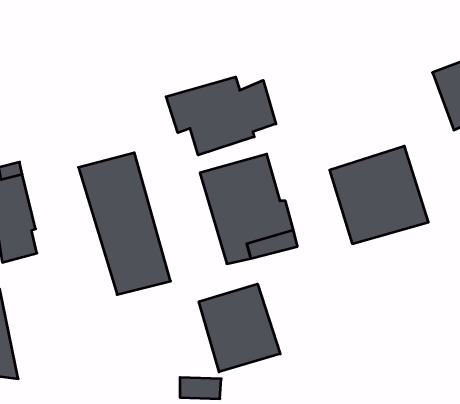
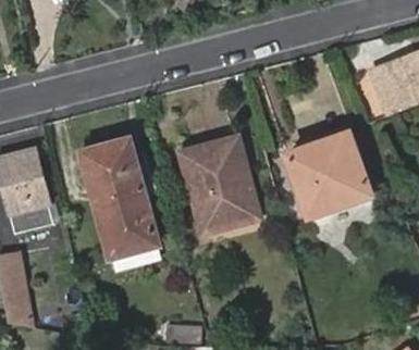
building: [166,77,276,155] -> none
building: [199,284,280,372] -> none

